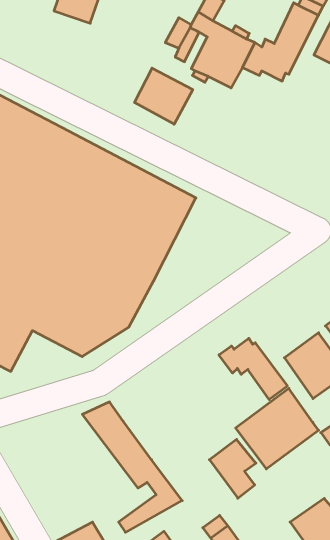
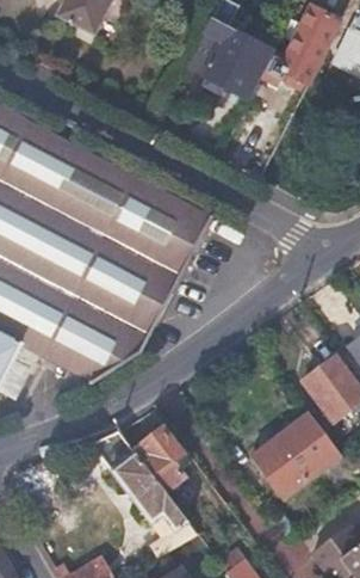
building: [135,68,193,124] -> none
building: [219,338,287,400] -> none
building: [209,439,256,498] -> [134,428,182,490]

